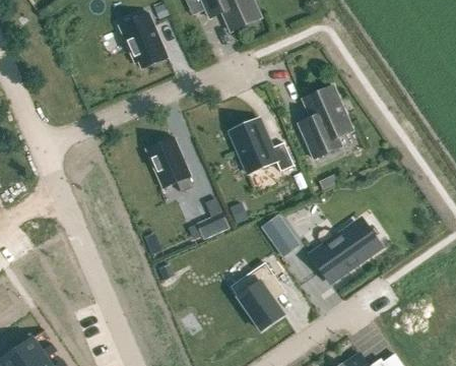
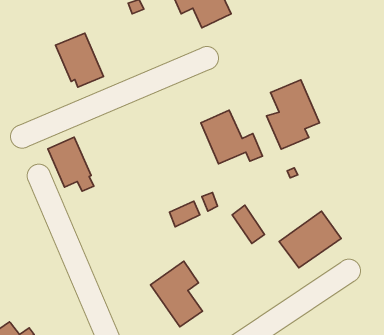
building: [119,13,169,69] -> [55,33,103,87]
building: [145,136,193,192] -> [48,137,94,191]
building: [231,261,284,329] -> [151,261,202,327]

